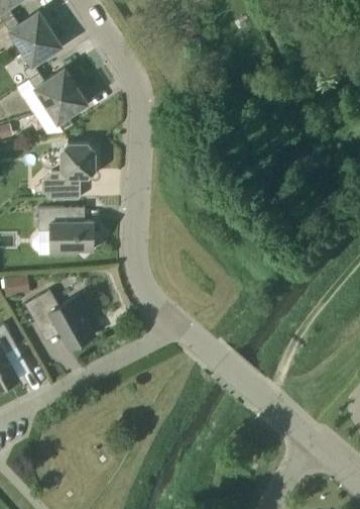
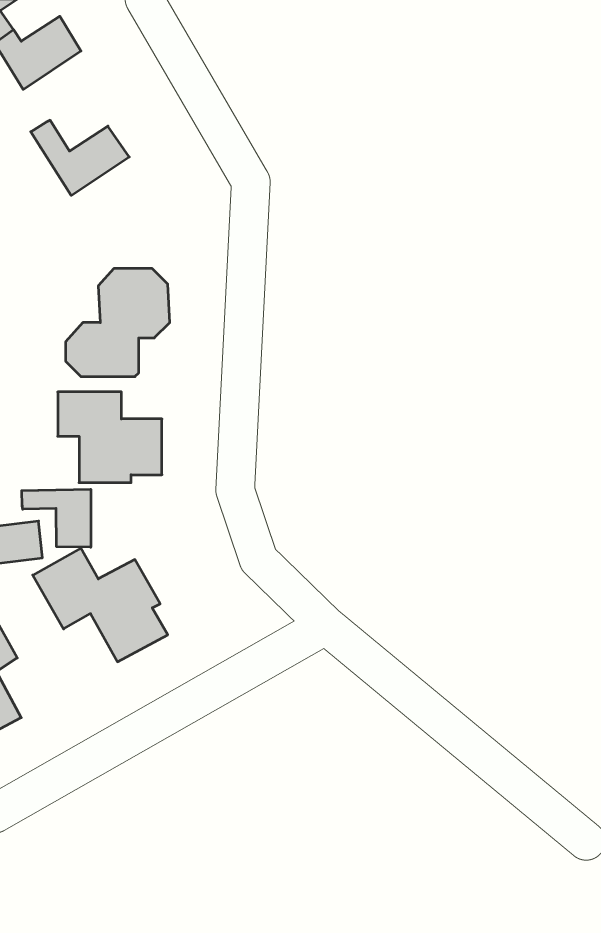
building: [20,29,63,67] -> none
building: [45,85,88,132] -> none
building: none -> [22,489,91,547]

